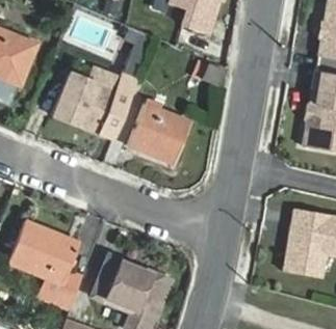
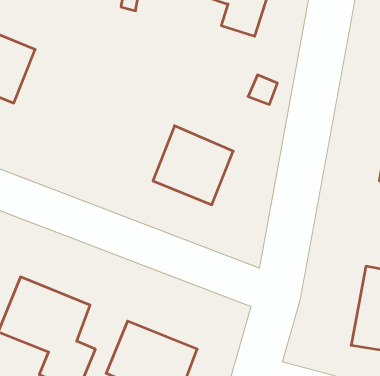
building: [52,50,146,139] -> none

